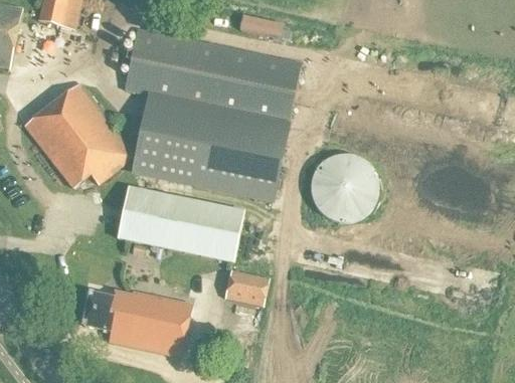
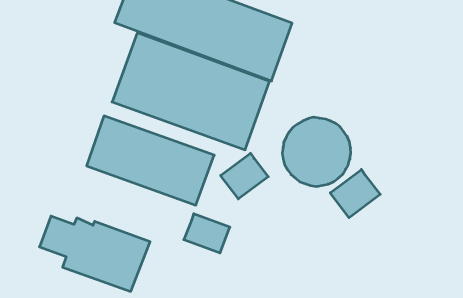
building: [22,82,133,187] -> none
building: none -> [330,169,380,218]
building: none -> [221,153,268,199]

